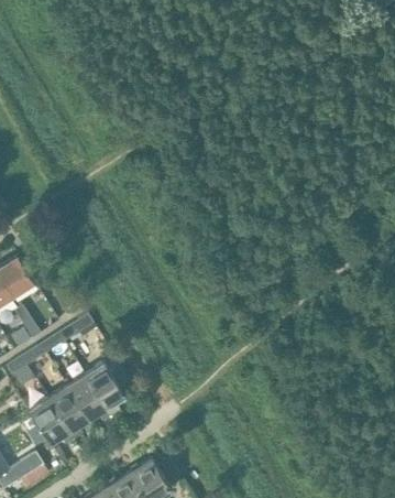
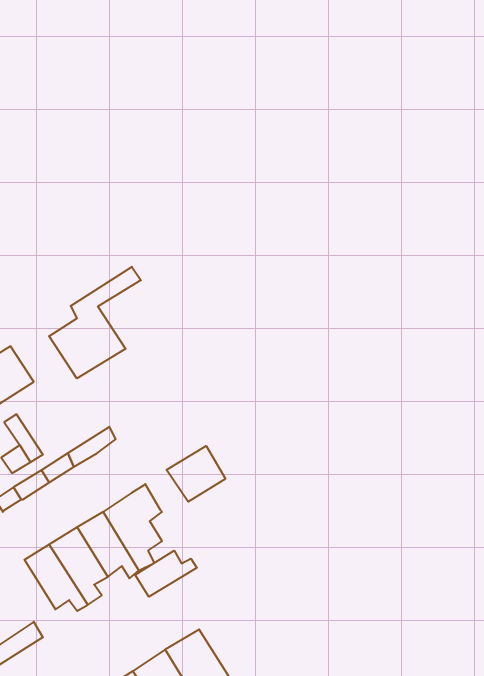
building: none -> [49,267,141,378]
building: none -> [167,446,225,502]
building: none -> [135,551,197,597]

